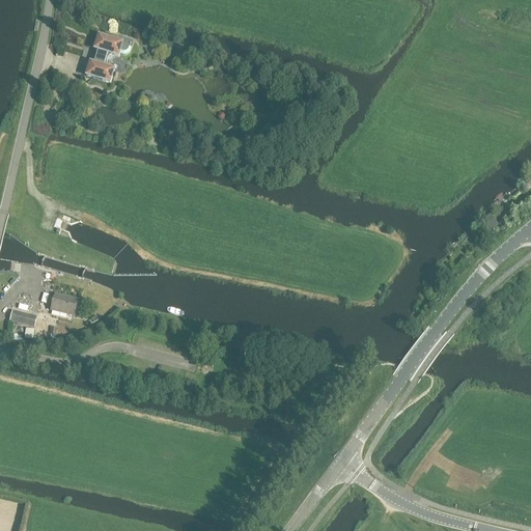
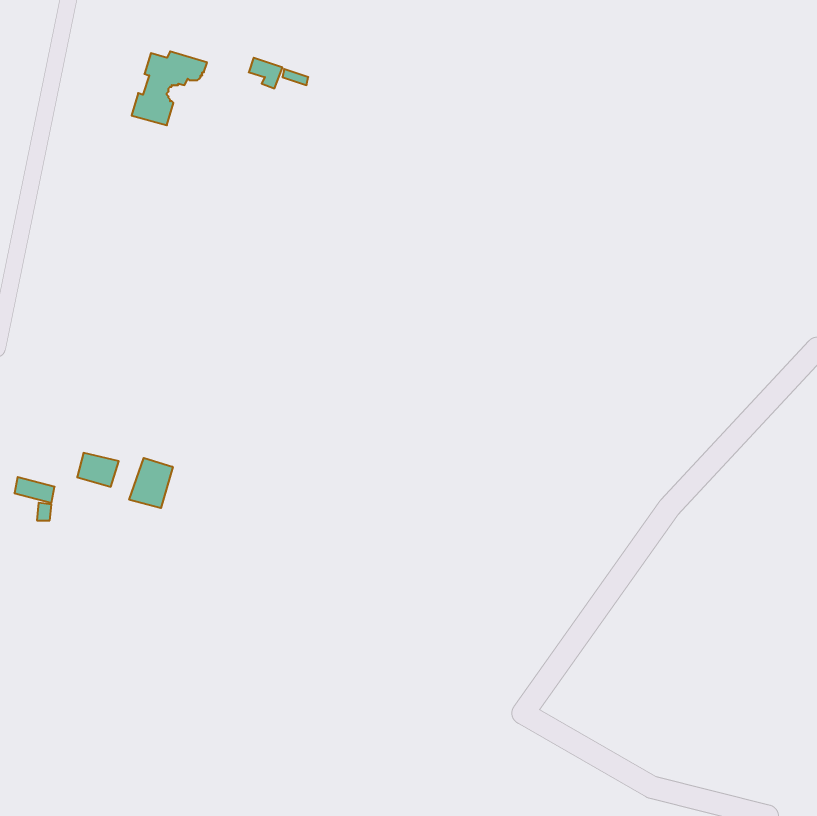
building: none -> [129,458,173,508]

